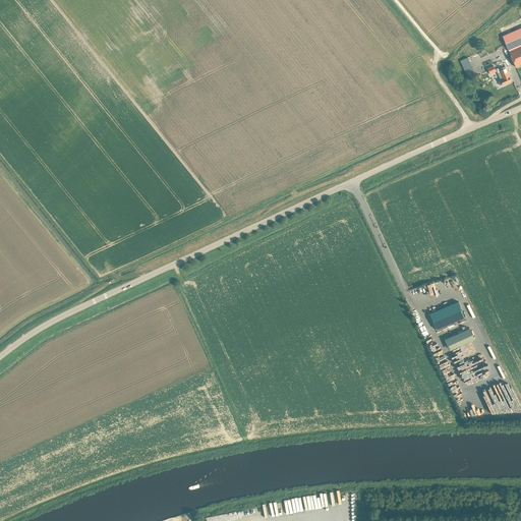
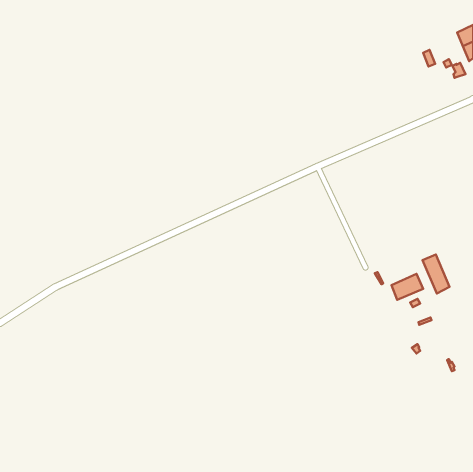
building: none -> [422,255,450,293]

